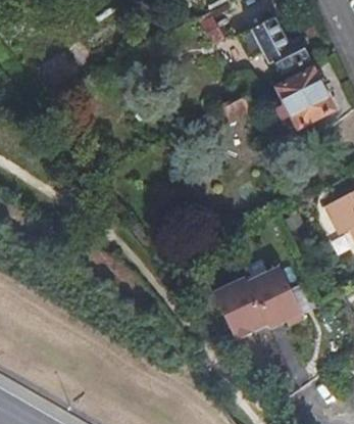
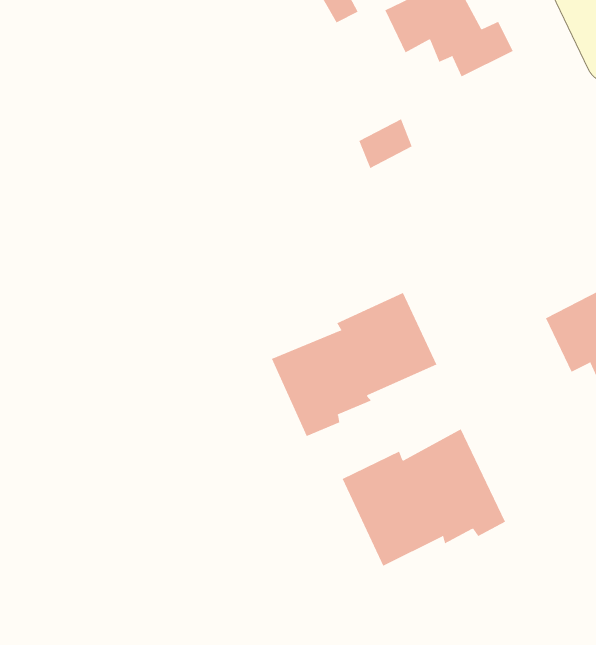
building: [273,66,336,129] -> none
building: none -> [271,292,437,437]

